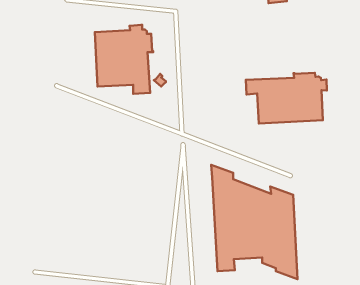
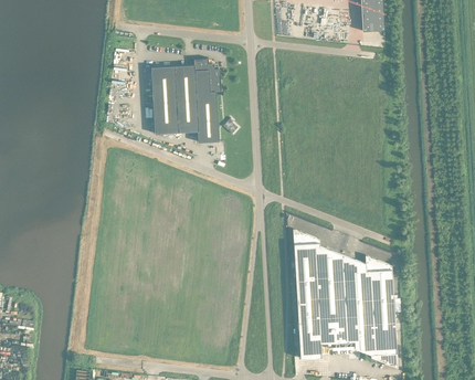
building: [246,73,327,124] -> none

